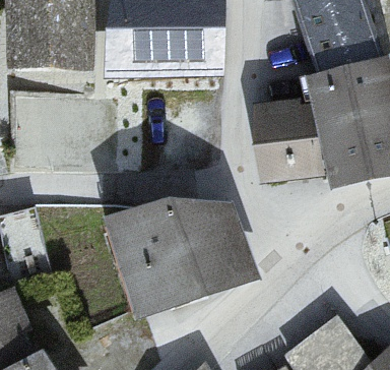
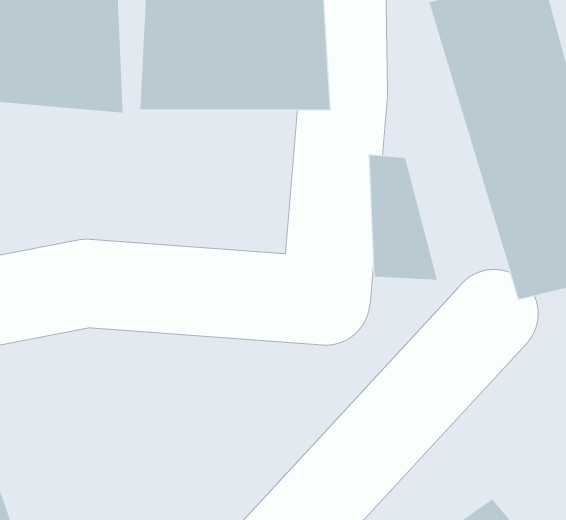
building: [105,222,257,314] -> none

